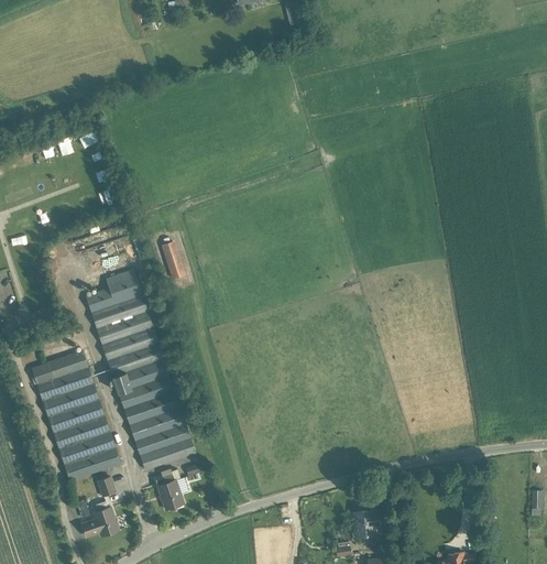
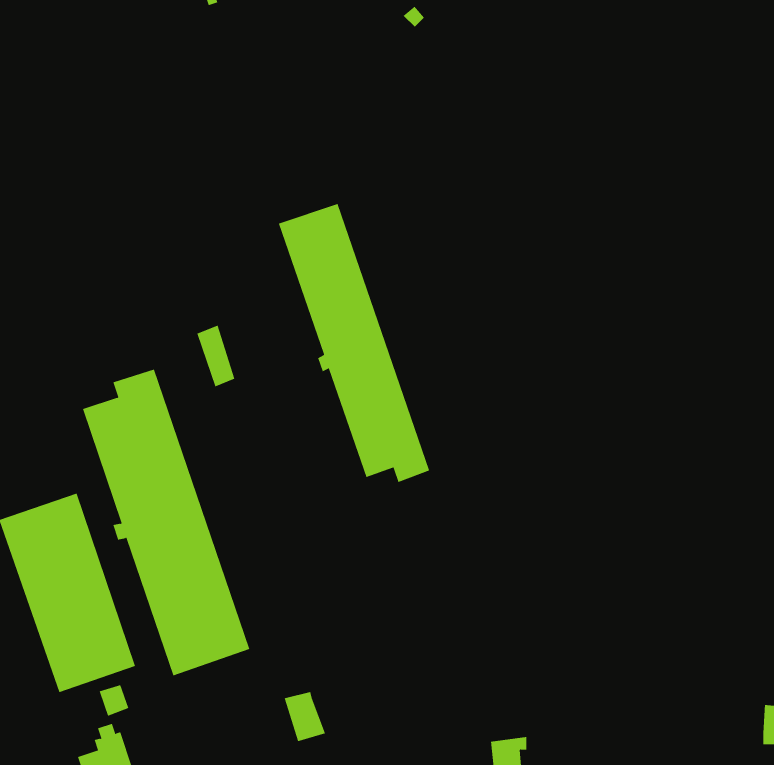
building: none -> [278,203,430,483]
building: [155,475,183,508] -> [284,691,326,742]

